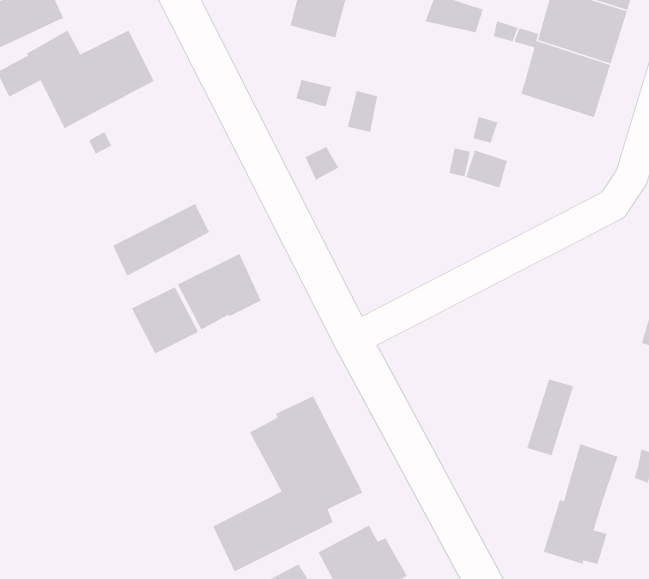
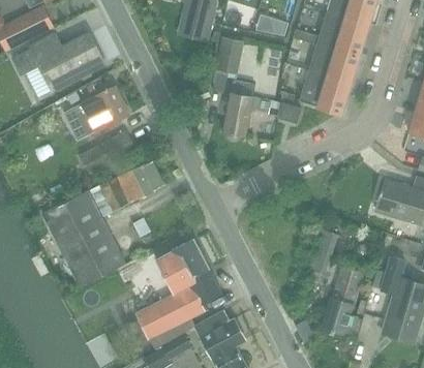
building: none -> [216,38,243,73]
building: none -> [299,71,350,115]
building: none -> [223,81,255,137]
building: none -> [62,87,128,141]
building: none -> [42,191,125,286]

